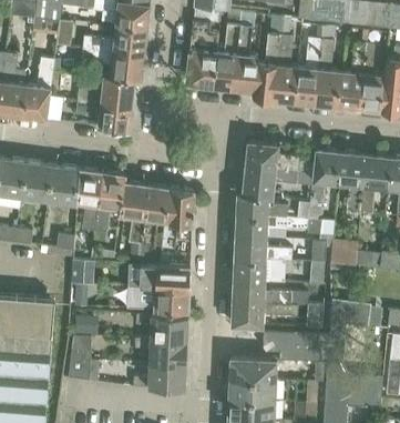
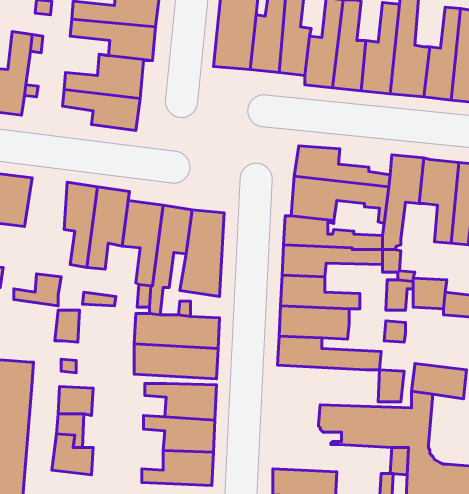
building: [49,165,80,205] -> none
building: [232,302,297,326] -> none
building: [229,357,277,380] -> none

